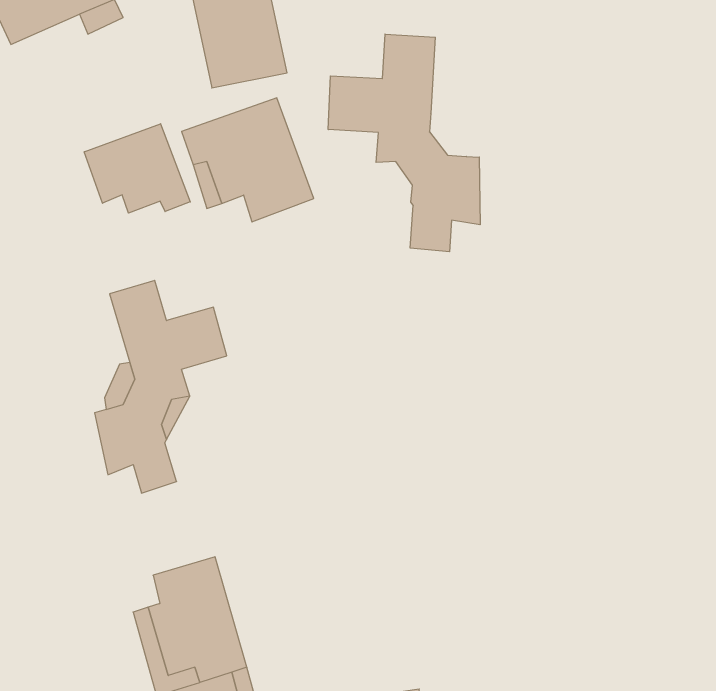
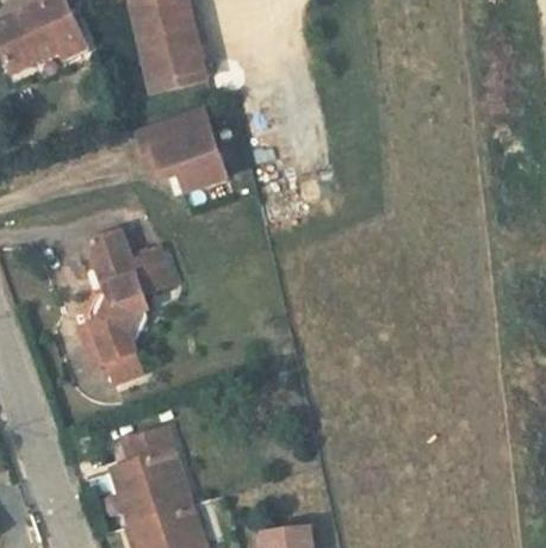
building: [328,34,480,252] -> none
building: [84,124,190,213] -> none

